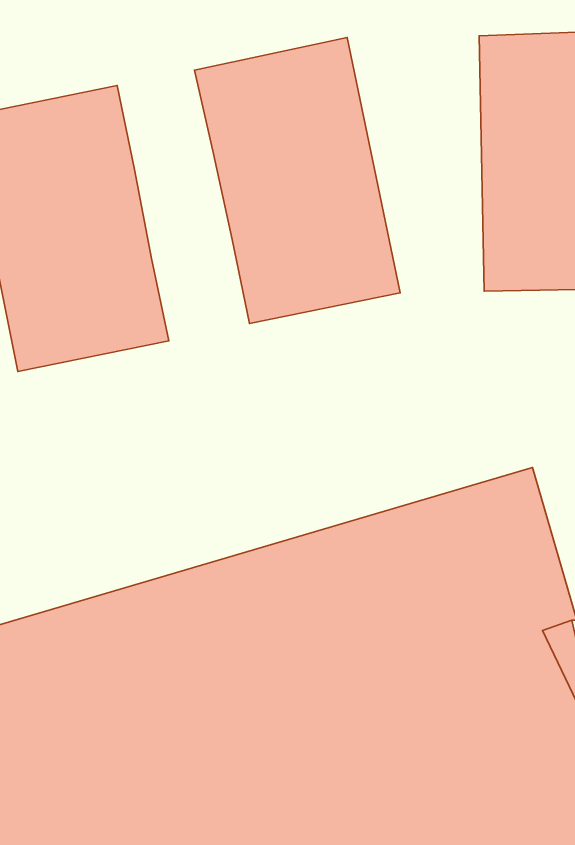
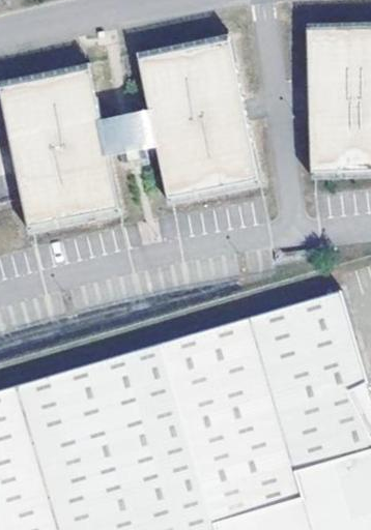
building: none -> [99,101,159,165]

